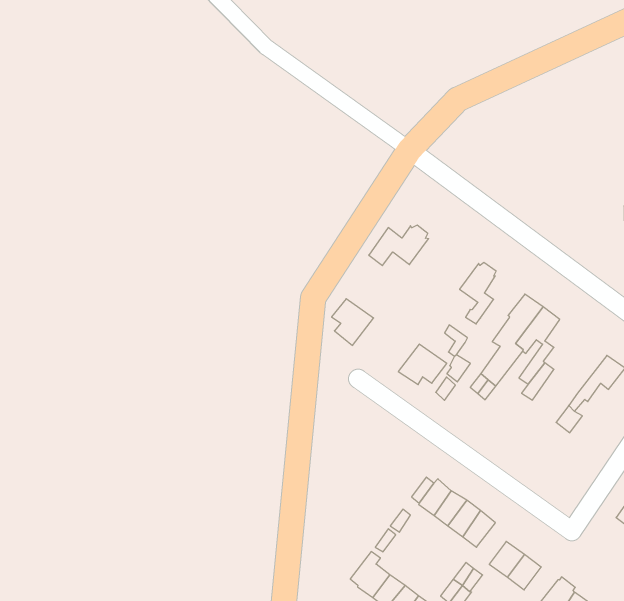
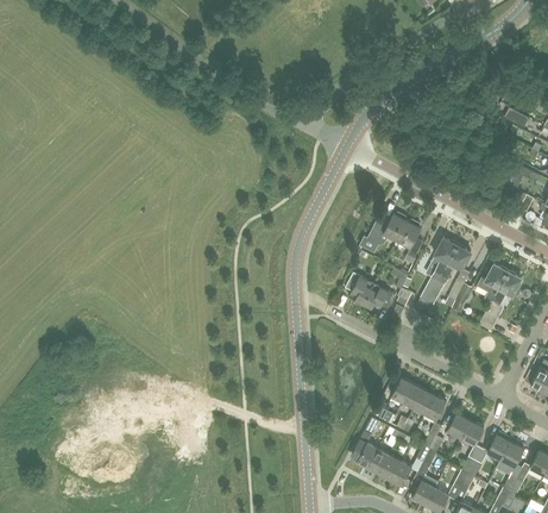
building: [369,225,429,266] -> [367,212,408,244]
building: [332,299,374,345] -> [345,273,374,305]
building: none -> [477,263,508,301]

